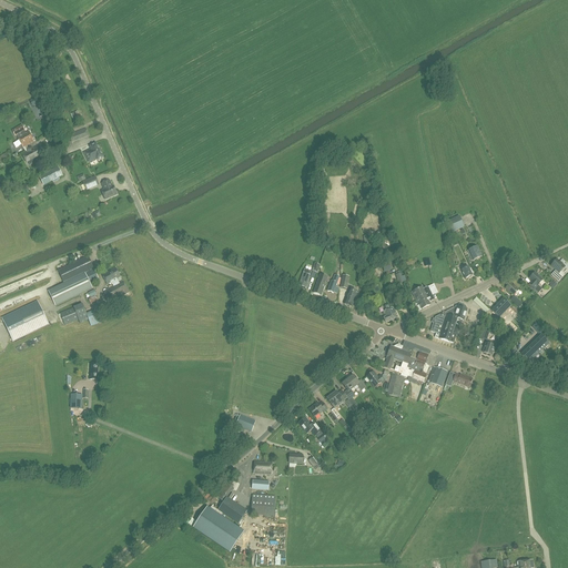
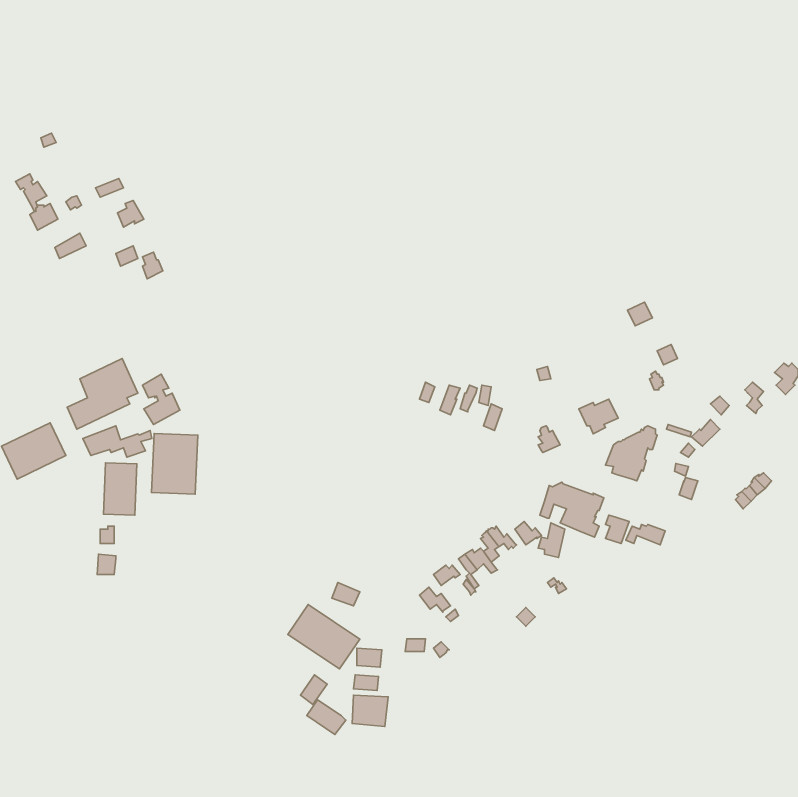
building: none -> [151,433,198,494]
building: none -> [103,463,137,515]
building: [192,505,243,550] -> [288,605,360,669]

